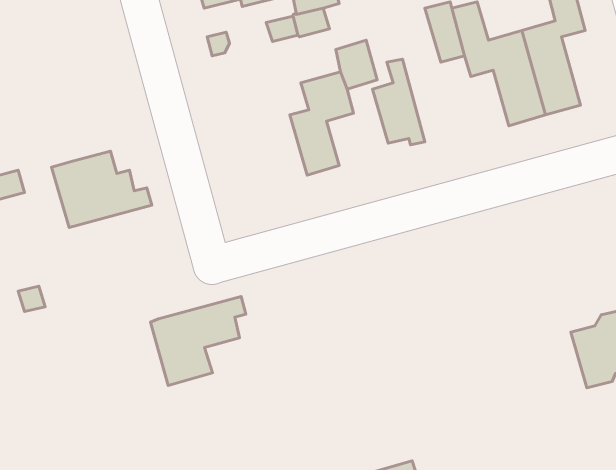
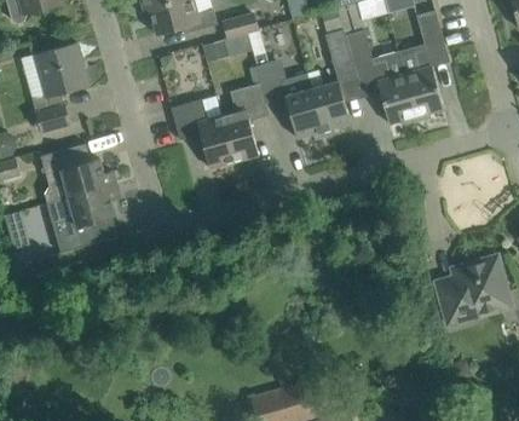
building: none -> [31,41,90,132]
building: none -> [307,69,350,135]
building: none -> [171,98,235,168]
building: [151,297,246,386] -> [47,184,120,252]

